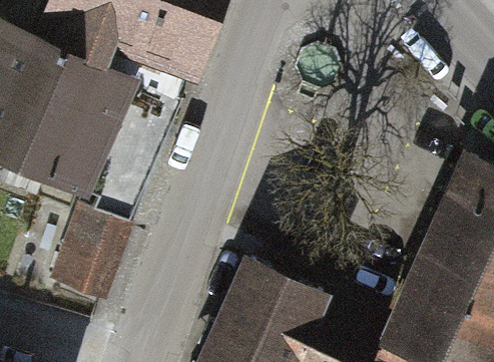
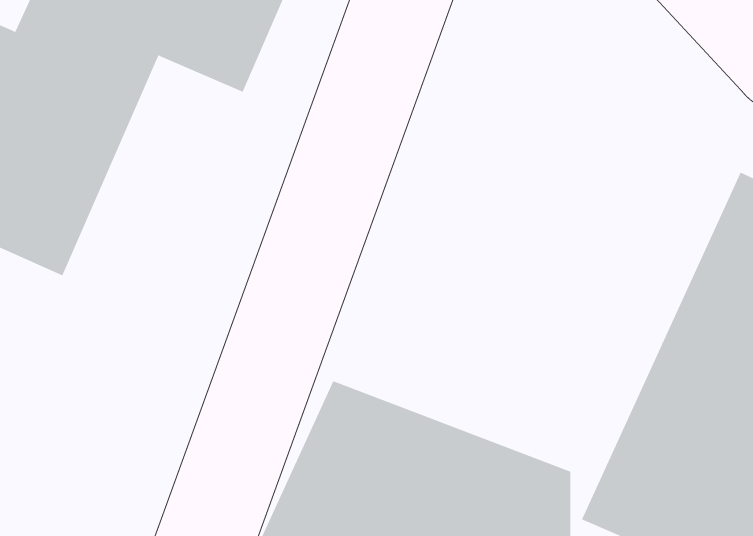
building: [53,212,133,312] -> none

